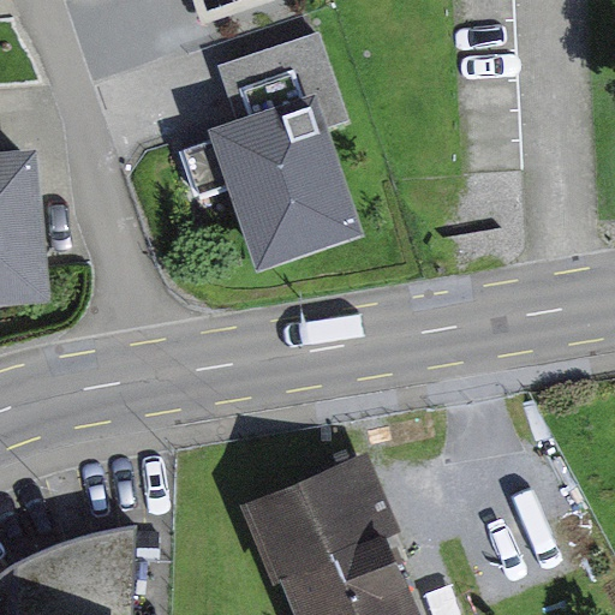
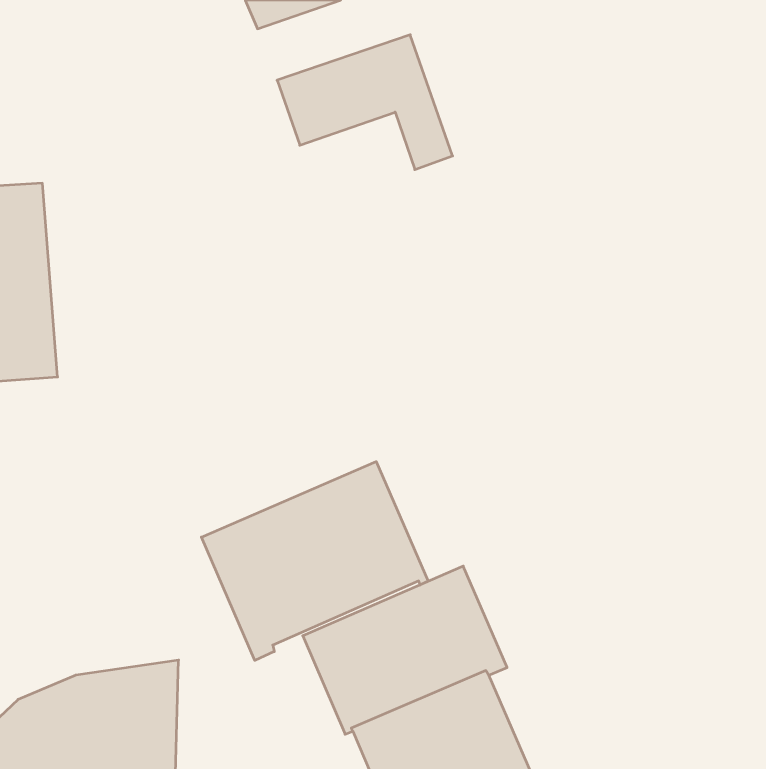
building: [183,92,362,270] -> none
building: none -> [201,462,428,660]

